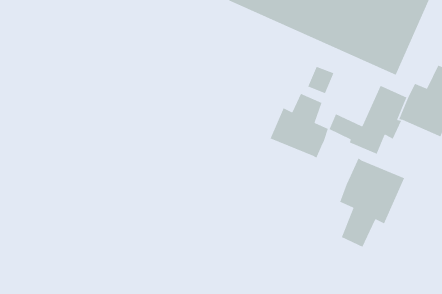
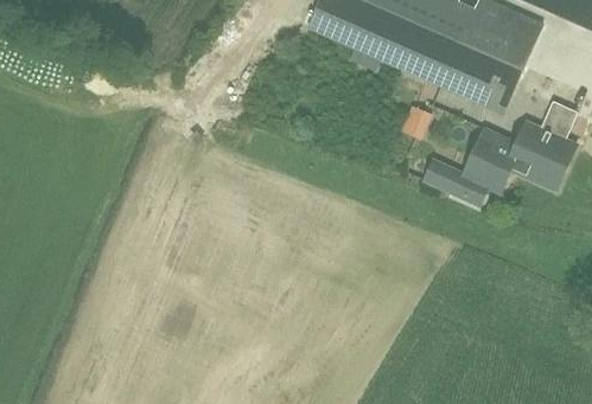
building: [270,93,329,159] -> none
building: [339,157,405,248] -> none

